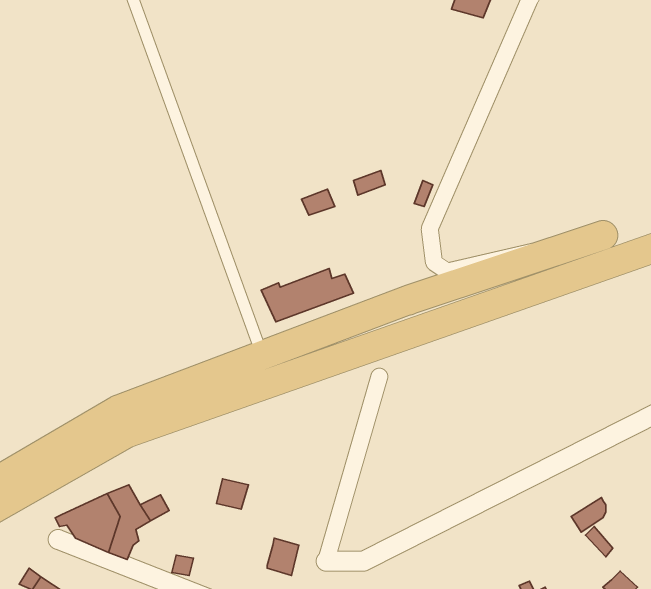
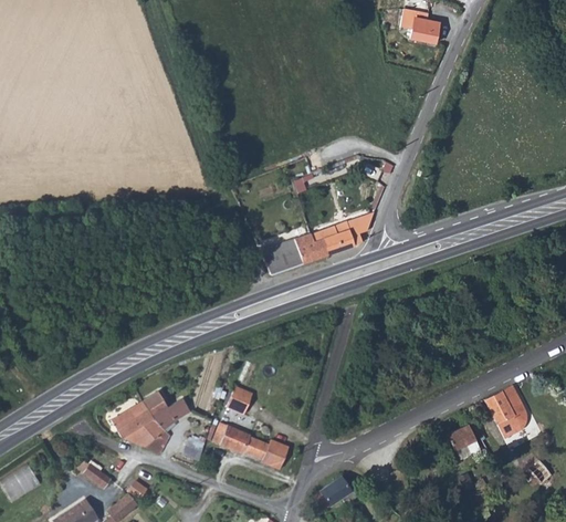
building: none -> [313,217,371,249]
building: none -> [486,386,522,420]
building: none -> [447,420,481,456]
building: none -> [214,426,270,458]

